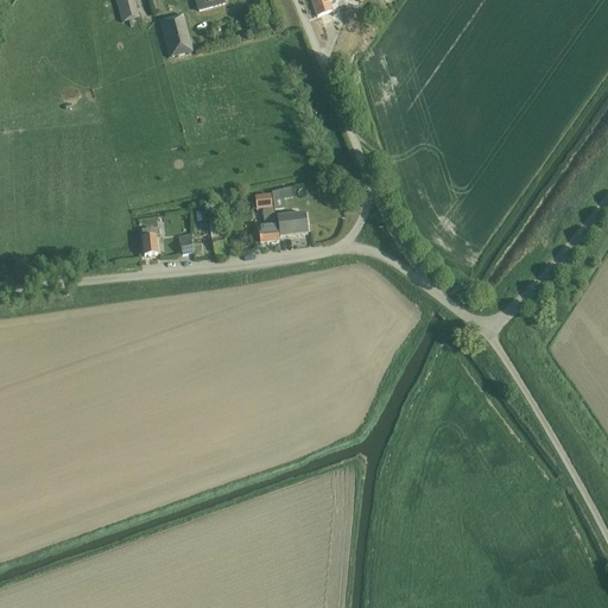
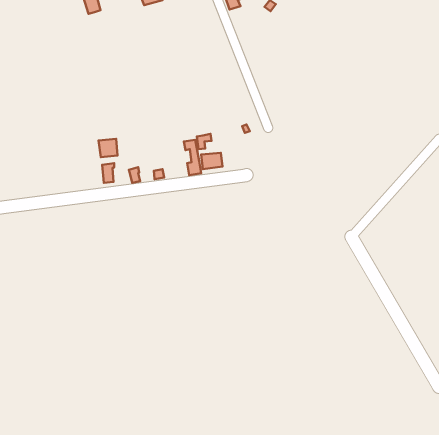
building: [159,13,191,55] -> none
building: none -> [98,139,117,157]

